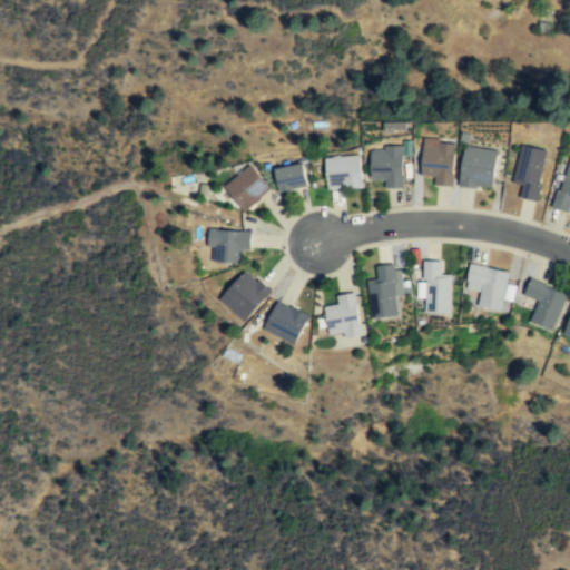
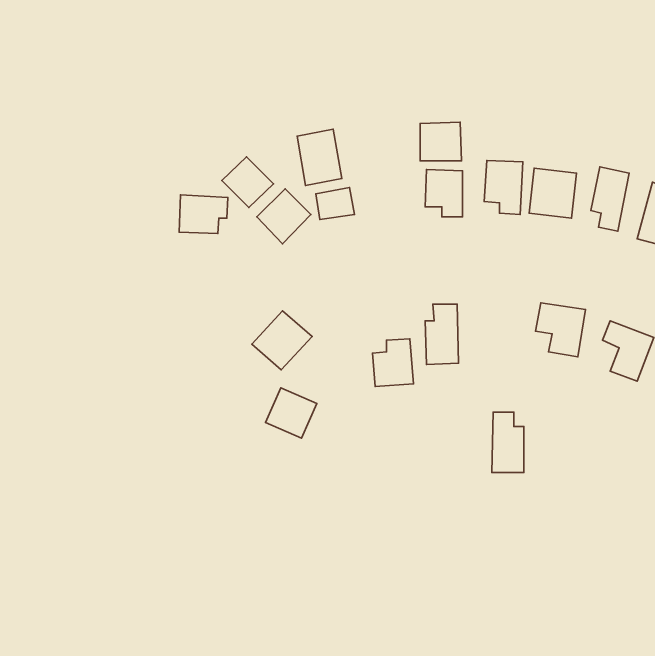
building: none -> [297,129,342,185]
building: none -> [222,157,274,207]
building: [325,156,361,189] -> [420,122,461,161]
building: [208,229,250,263] -> [179,195,228,234]
building: [423,259,451,312] -> [492,412,524,473]
building: [264,301,308,344] -> [266,388,317,438]

